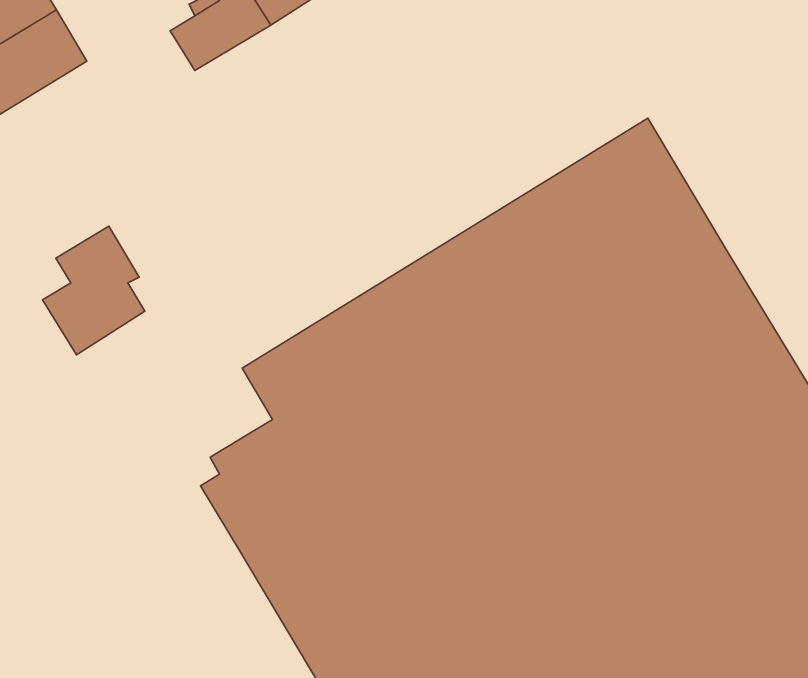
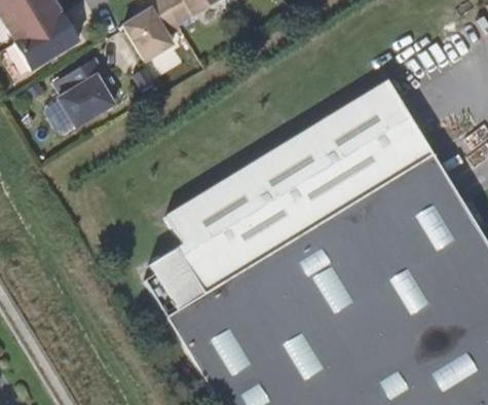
building: [42,226,145,355] -> [61,60,116,130]

